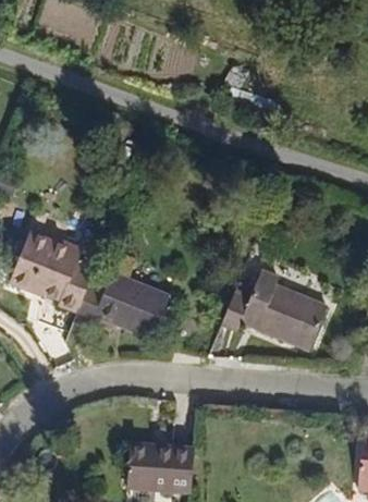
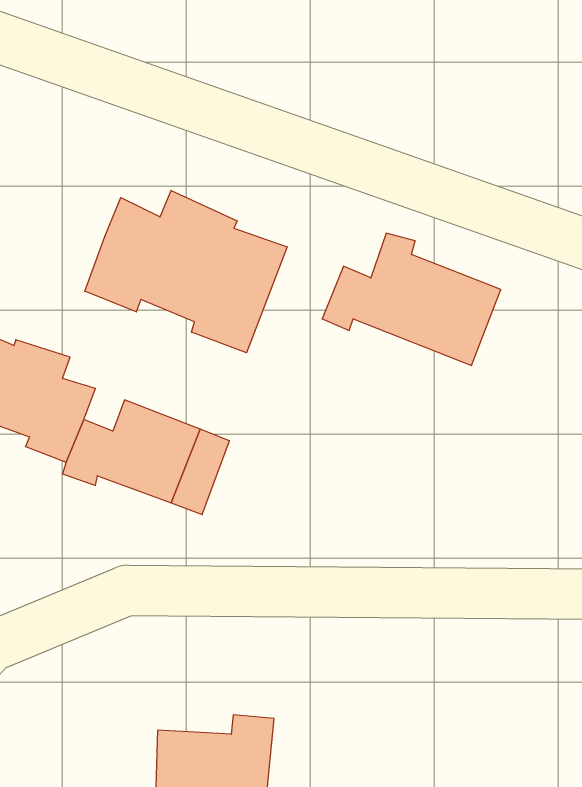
building: none -> [85,190,287,353]
building: [216,283,316,357] -> [322,233,501,365]

